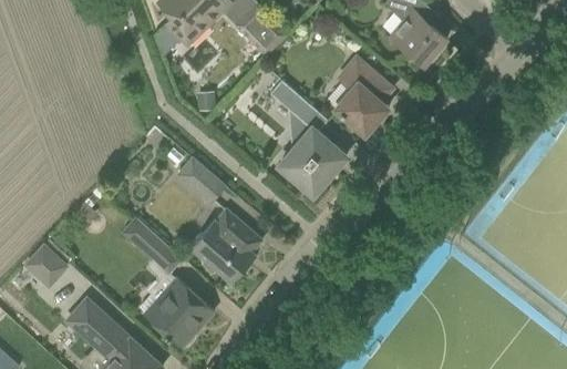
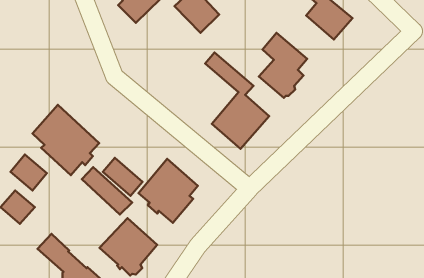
building: none -> [32,105,99,175]
building: [177,157,225,203] -> [103,158,143,196]
building: none -> [11,154,47,191]

